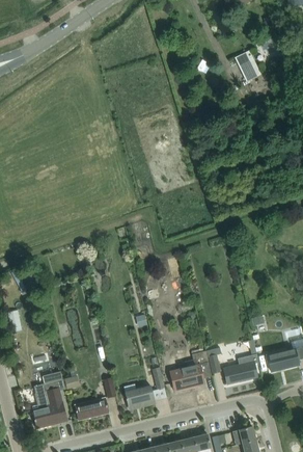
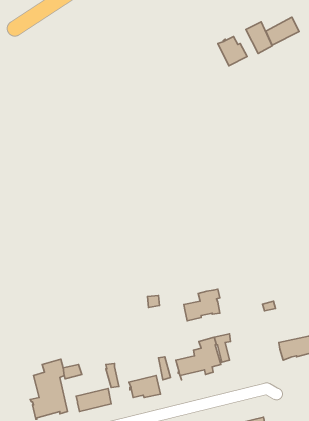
building: none -> [266,17,299,45]
building: none -> [218,36,247,66]
building: [223,353,257,383] -> [184,289,220,321]

